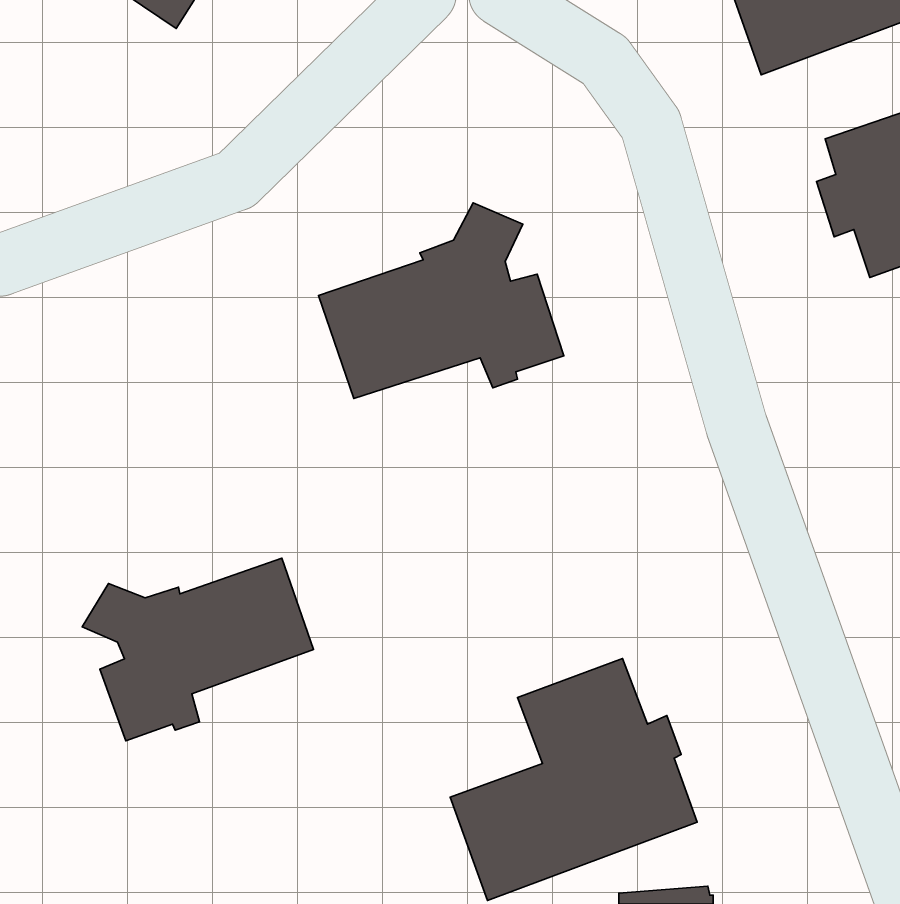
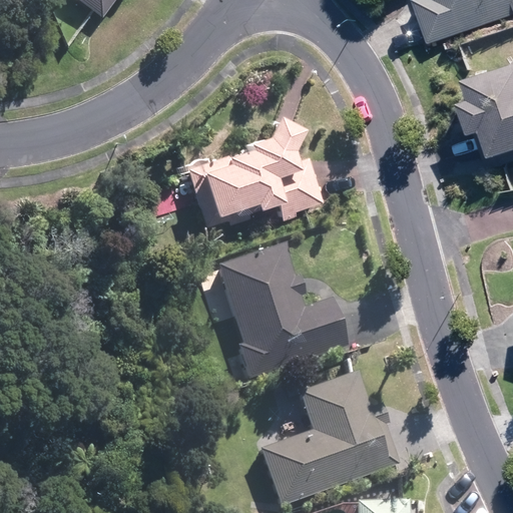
building: none -> [215,243,348,379]
building: [82,558,313,741] -> none

